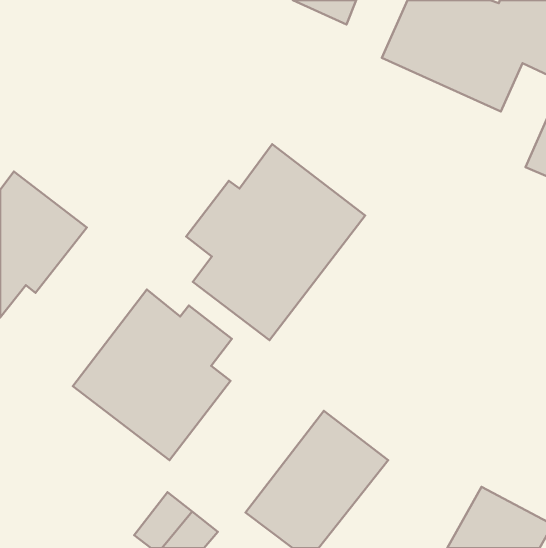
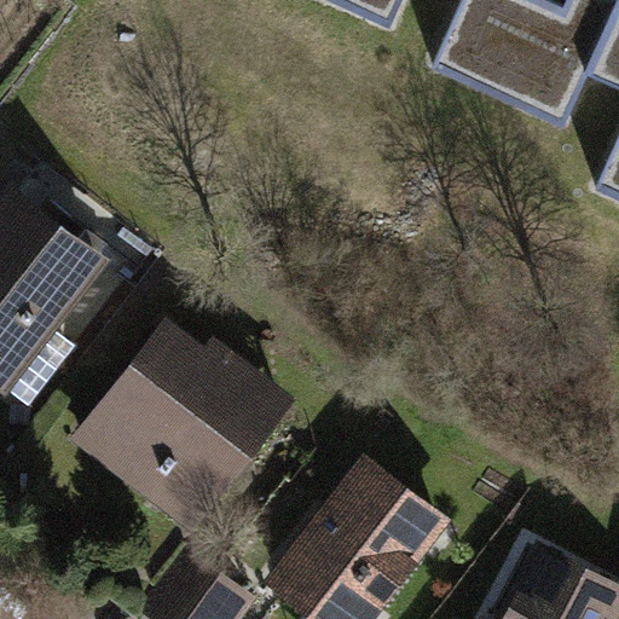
building: [186,144,365,340] -> none

